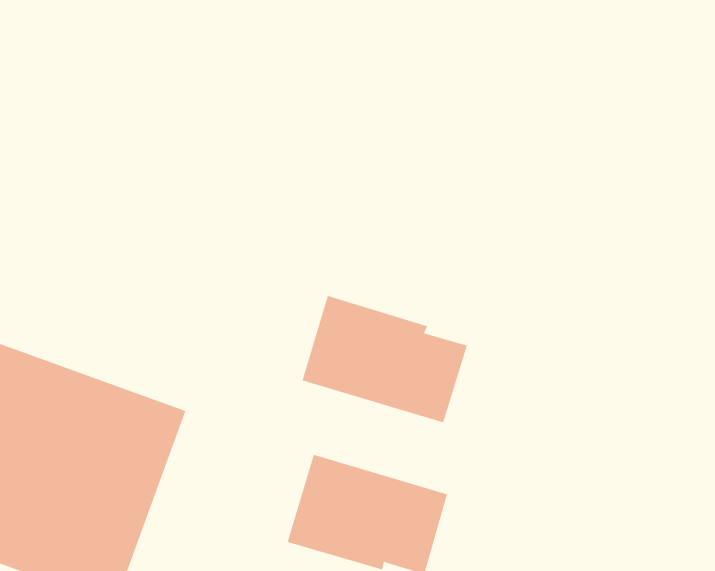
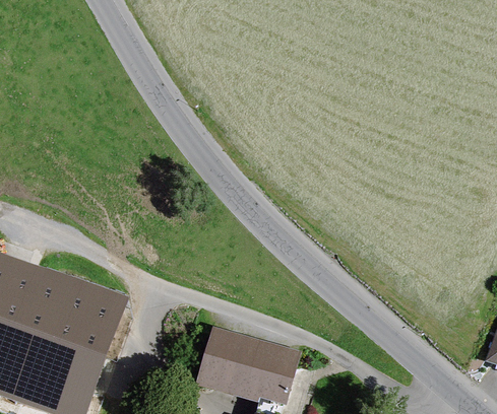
building: [302,295,467,423] -> none

